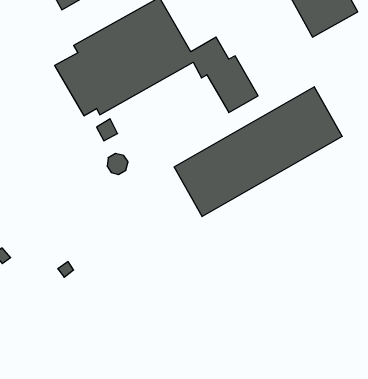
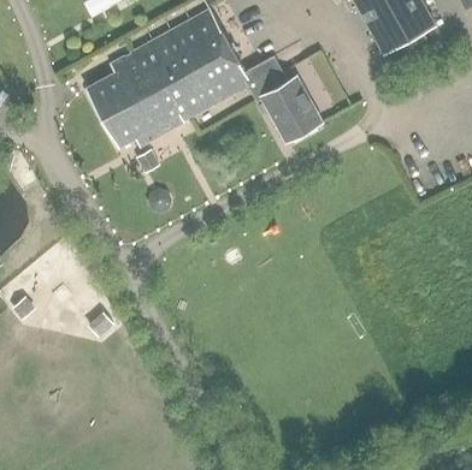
building: [174,87,342,217] -> none

